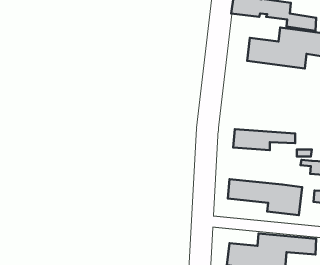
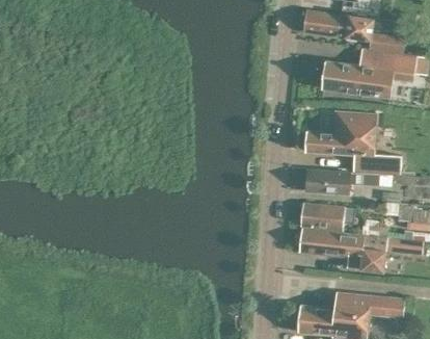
building: none -> [304,111,400,175]
building: none -> [301,203,353,231]

